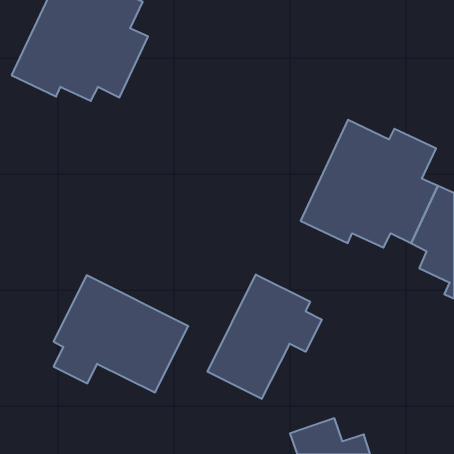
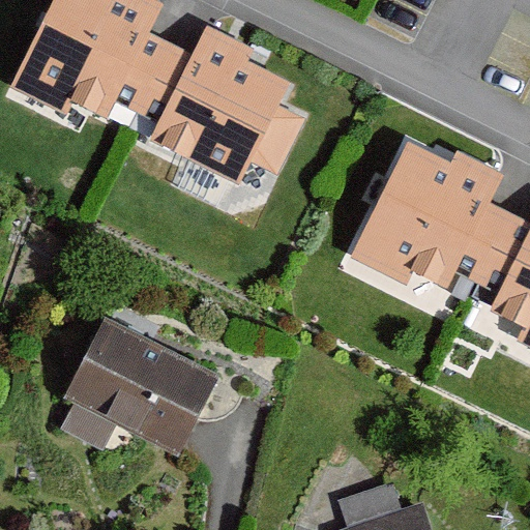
building: none -> [139,26,303,186]
building: [207,274,322,399] -> none

